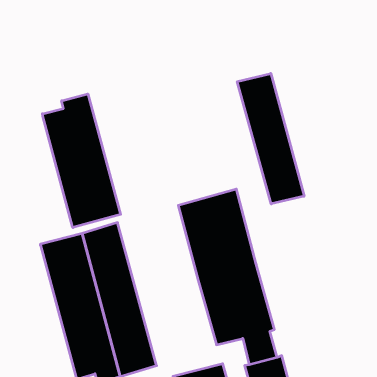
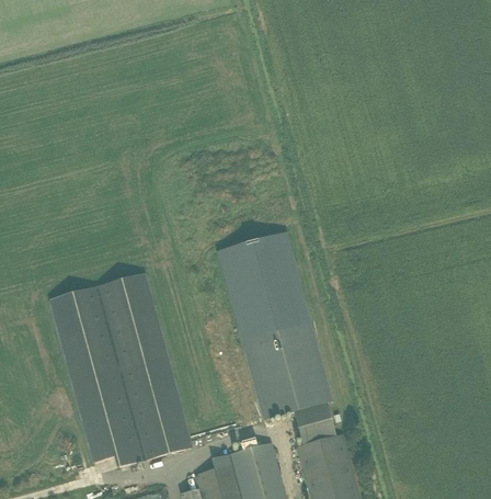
building: [237,73,304,204] -> none
building: [42,94,121,228] -> none

